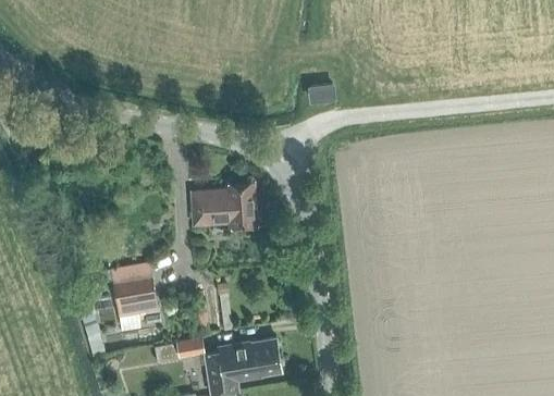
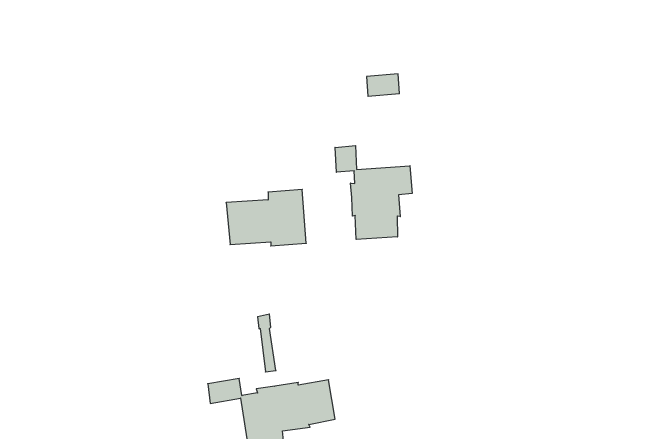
building: none -> [335,146,412,239]
building: [106,263,158,333] -> none

